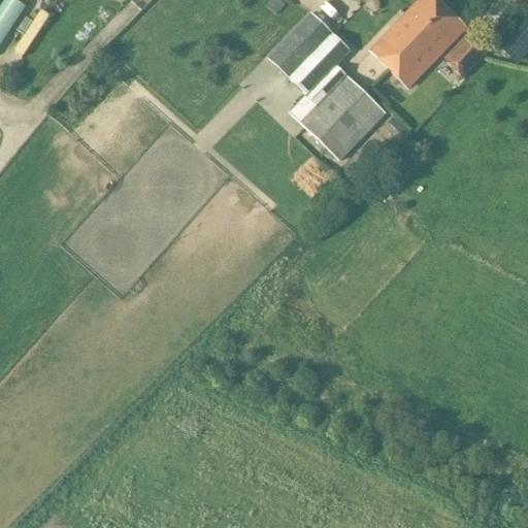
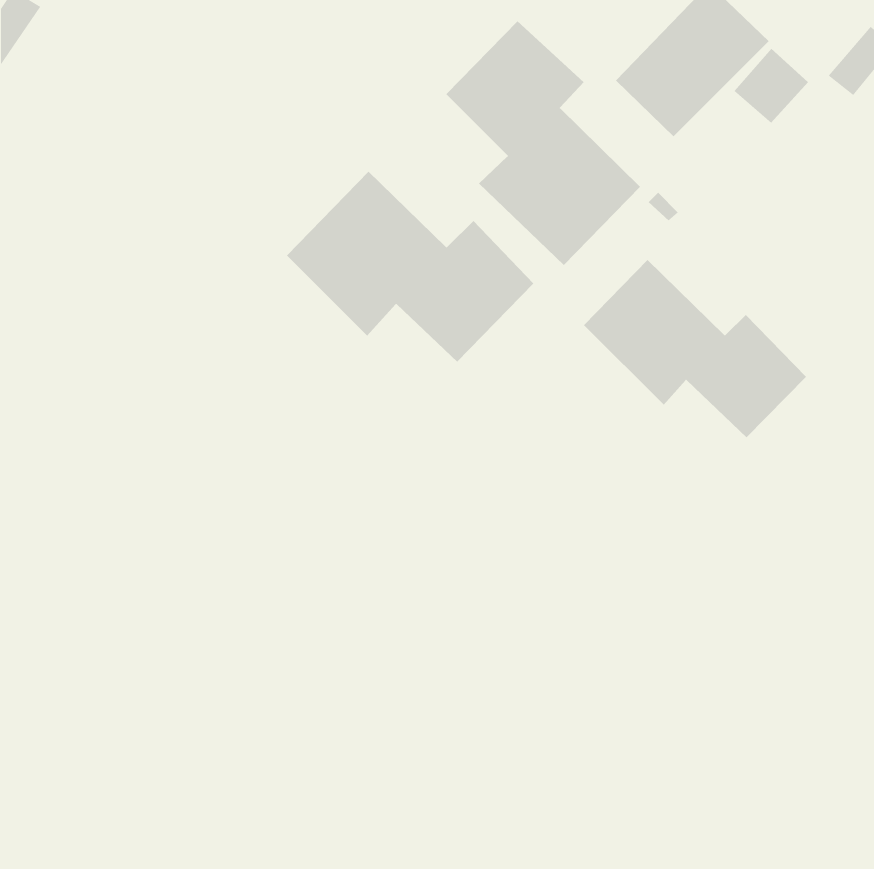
building: none -> [286,171,534,363]
building: none -> [583,259,807,438]

